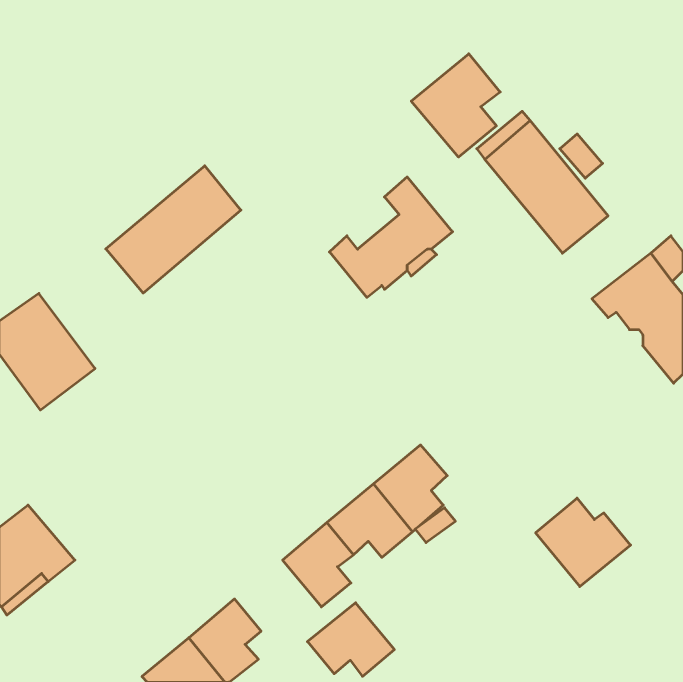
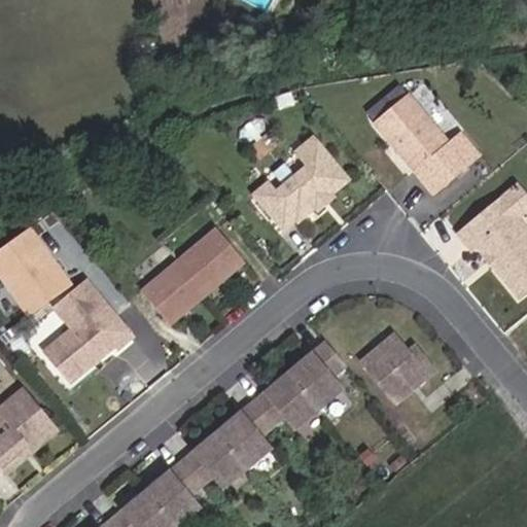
building: [411,54,500,157] -> none
building: [106,166,241,293] -> [140,226,244,324]
building: none -> [44,282,131,380]
building: [536,498,631,587] -> [361,333,434,401]
building: [307,603,394,676] -> [180,430,247,487]

